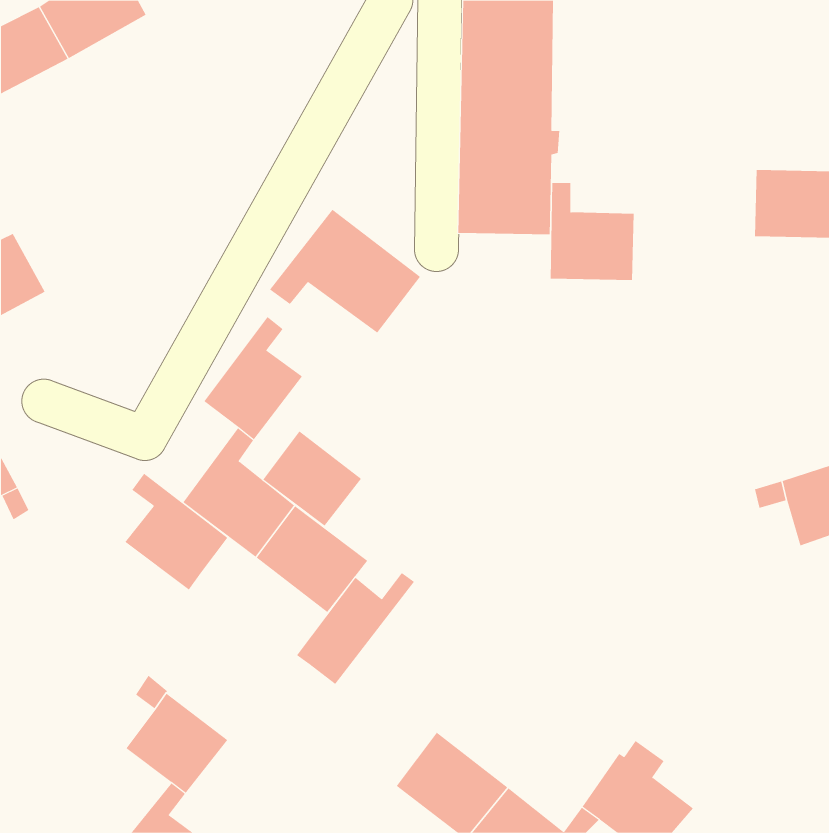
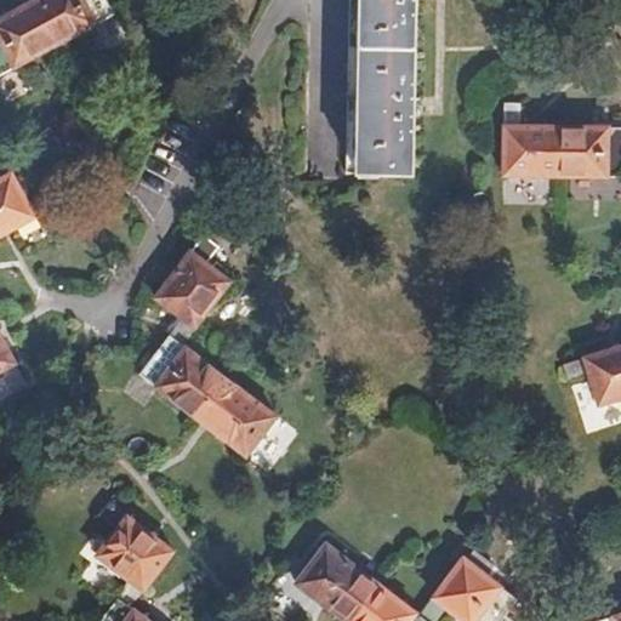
building: [550,183,635,280] -> [502,103,565,176]
building: [269,209,421,333] -> none
building: [263,430,362,526] -> none
building: [125,473,228,590] -> none
building: [296,572,415,685] -> none

